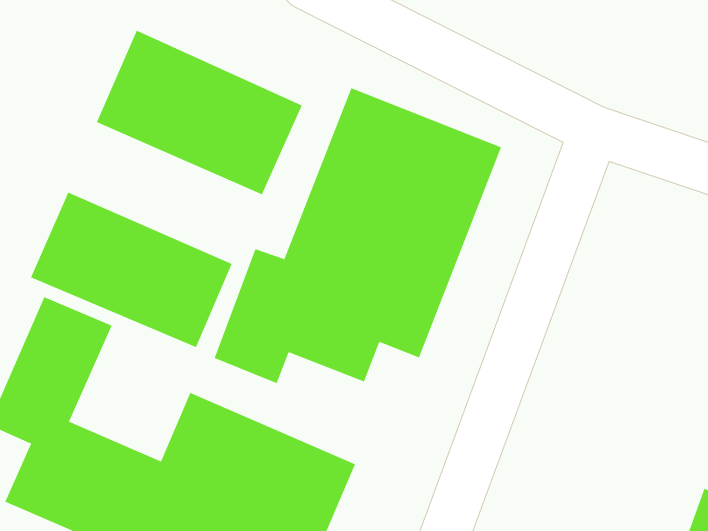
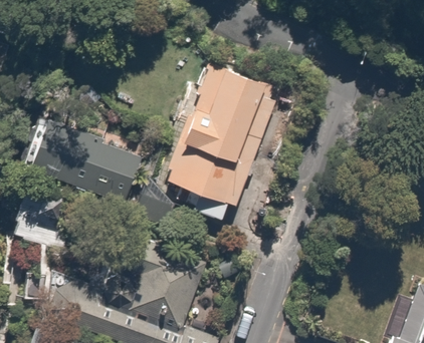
building: [96,30,302,195] -> none

